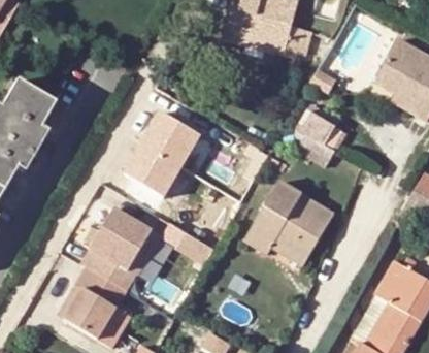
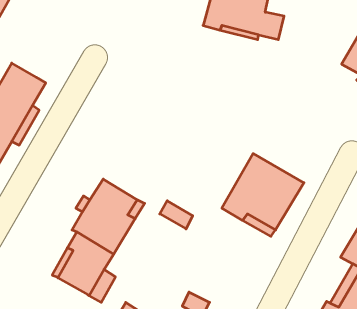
building: [294,106,344,165] -> none
building: [119,107,202,197] -> none

